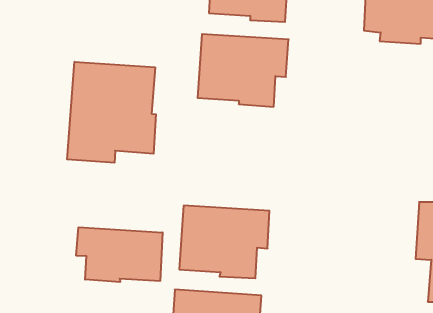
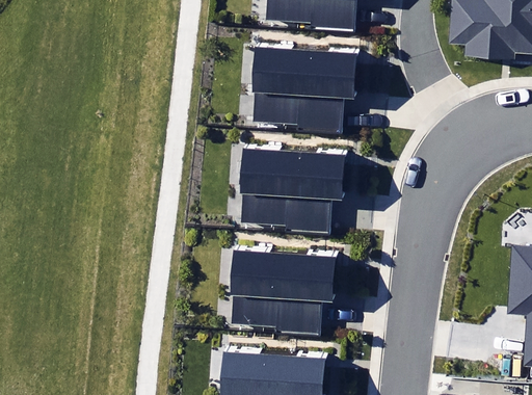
building: [67,62,156,163] -> none
building: none -> [238,149,346,235]
building: [76,227,163,282] -> none

